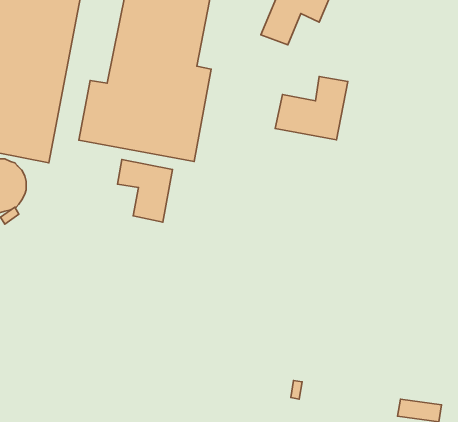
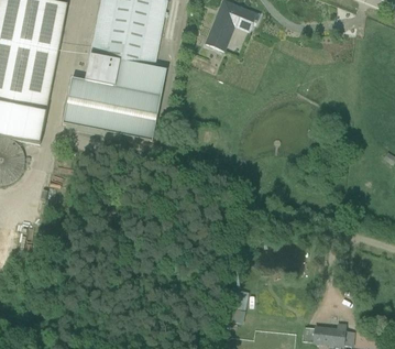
building: [275,76,348,140] -> none
building: [117,160,173,222] -> none

